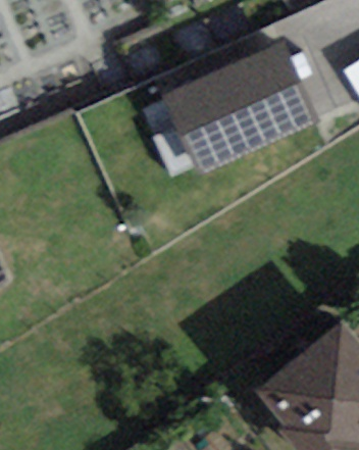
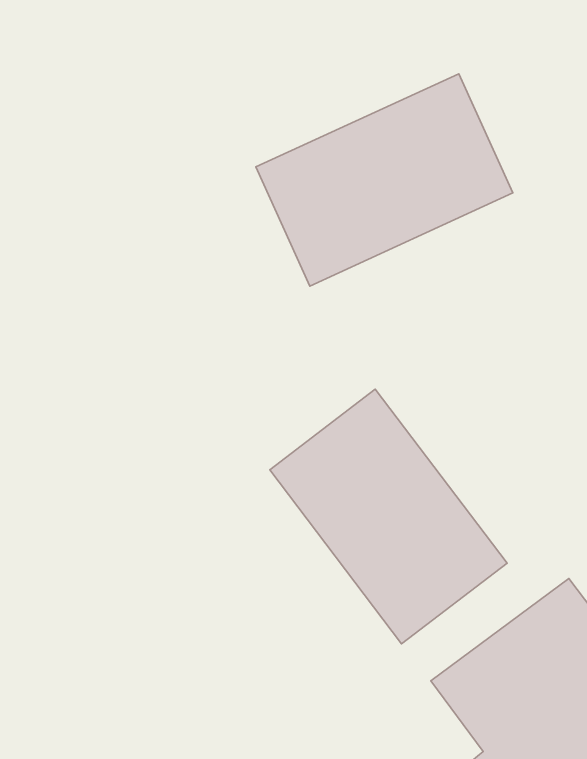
building: none -> [270,389,507,644]

